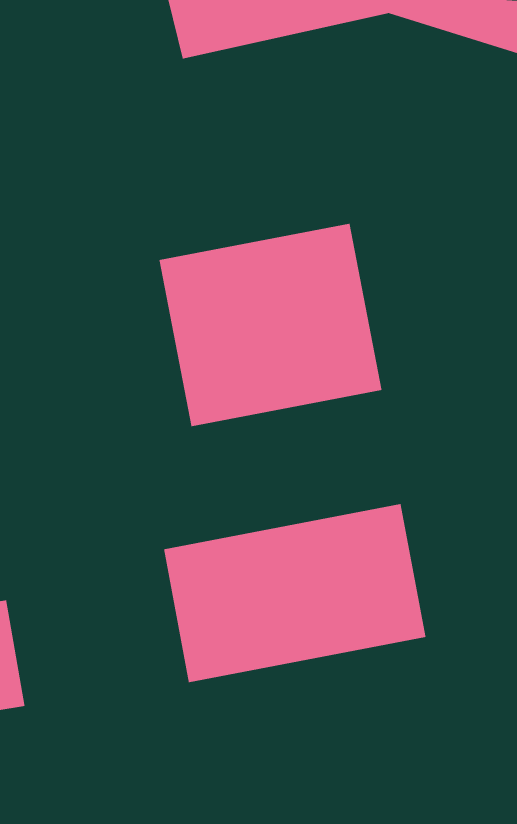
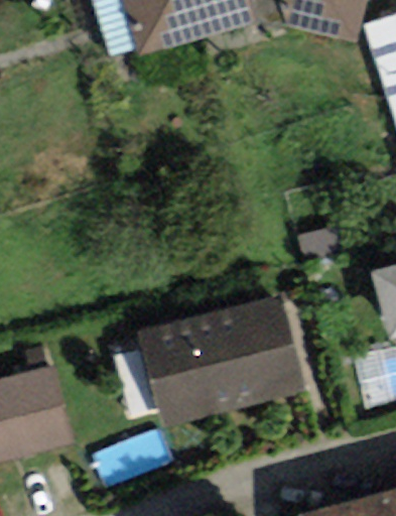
building: [158,223,383,427] -> none

